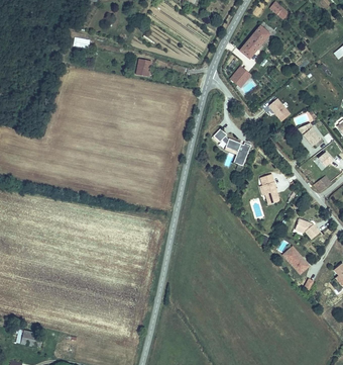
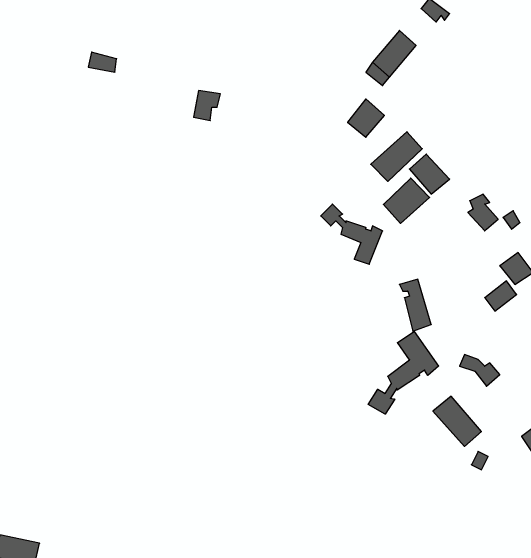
building: none -> [371,132,422,181]
building: none -> [383,178,430,223]
building: none -> [368,332,439,414]

